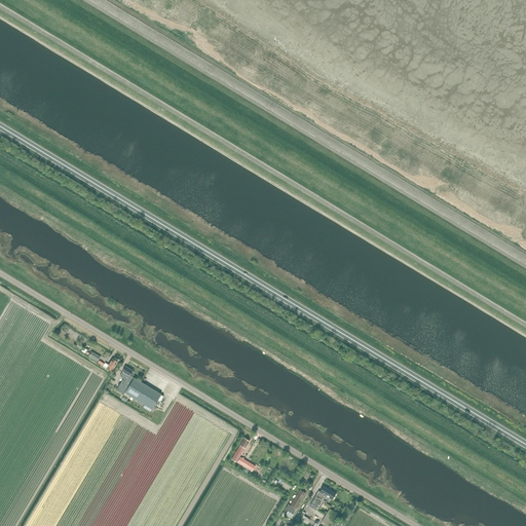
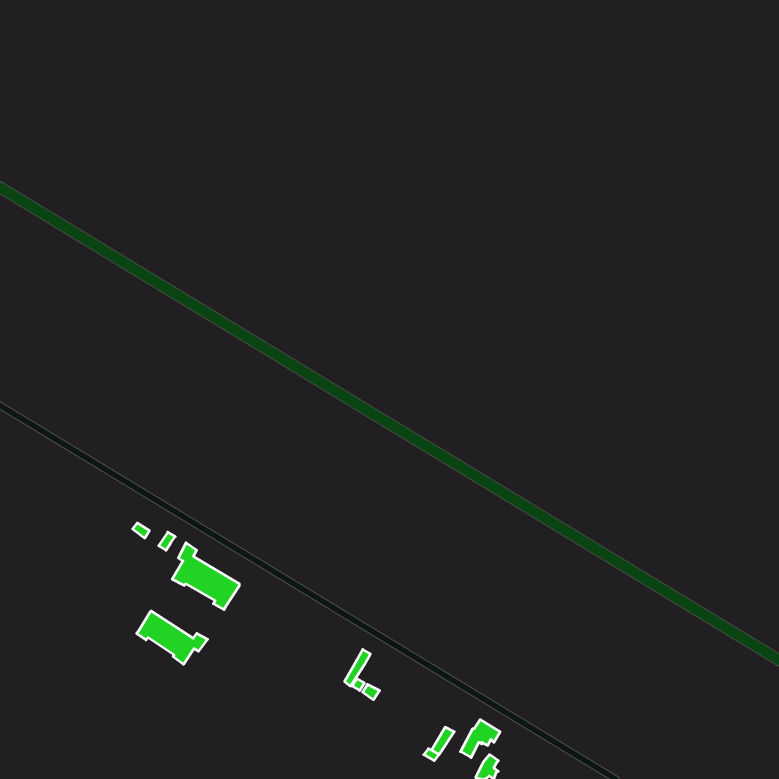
building: none -> [137,611,208,664]

